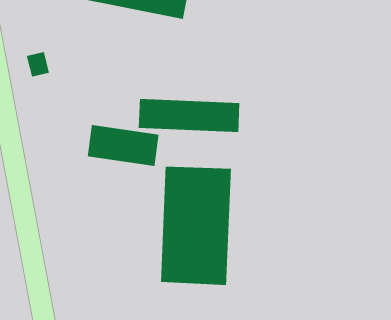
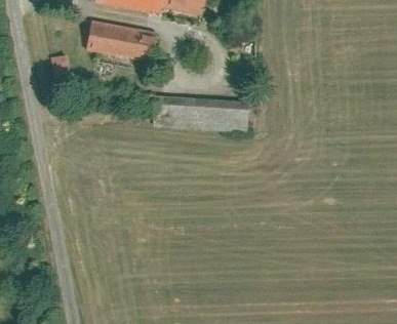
building: [87,124,160,167] -> [78,25,147,65]
building: [160,166,232,286] -> none

